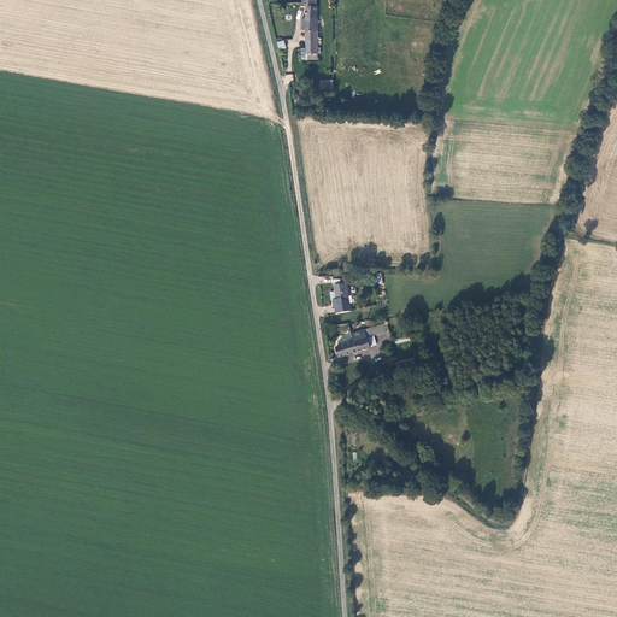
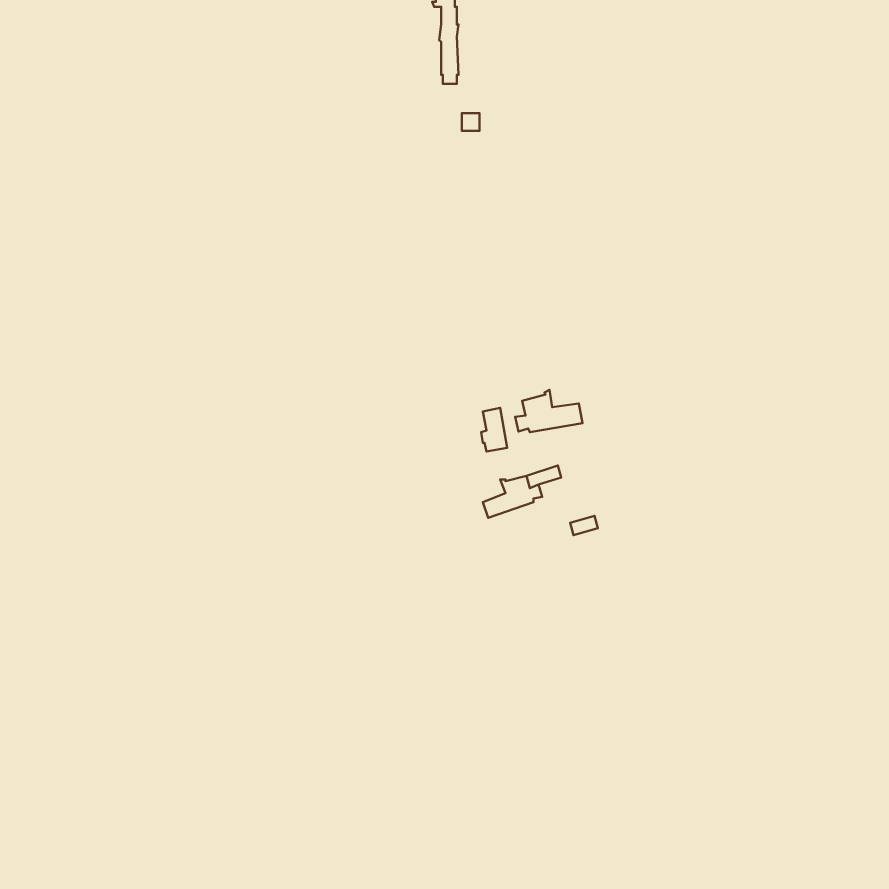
building: none -> [515,390,582,432]

